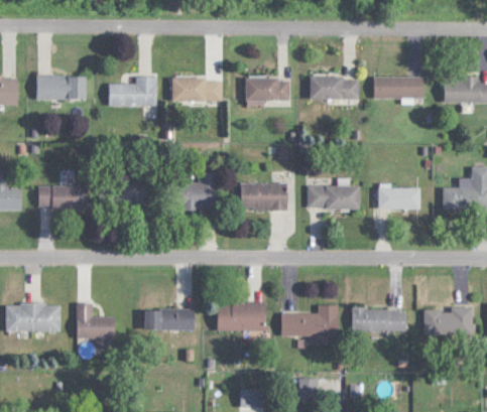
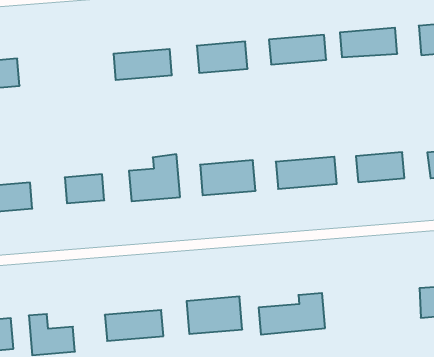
building: [109,76,157,106] -> none
building: [351,307,406,331] -> none

